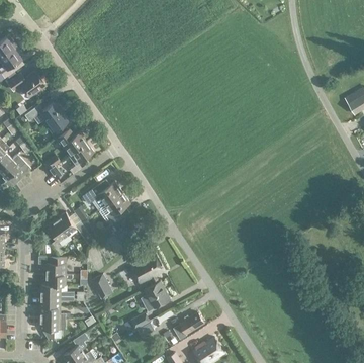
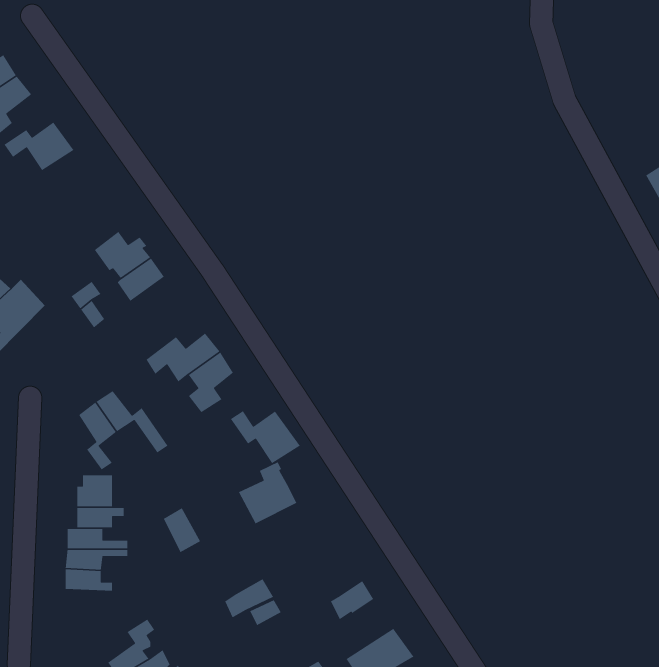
building: [23,103,68,133] -> none
building: none -> [230,410,301,464]
building: [140,281,169,311] -> none
building: [39,317,65,342] -> none

